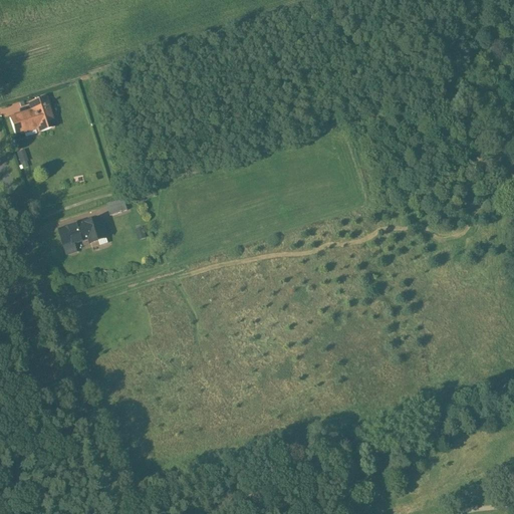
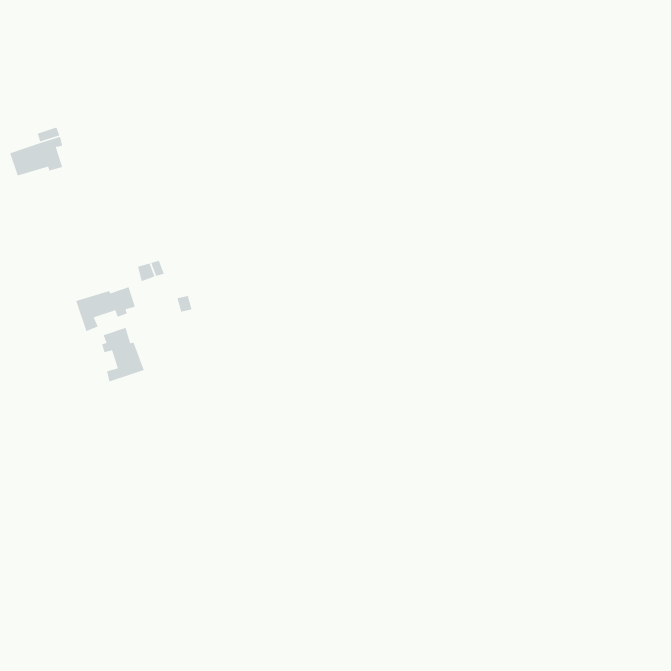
building: none -> [101,327,145,382]

